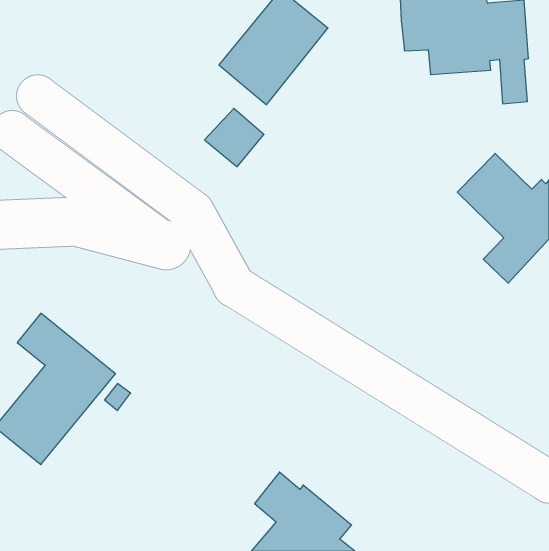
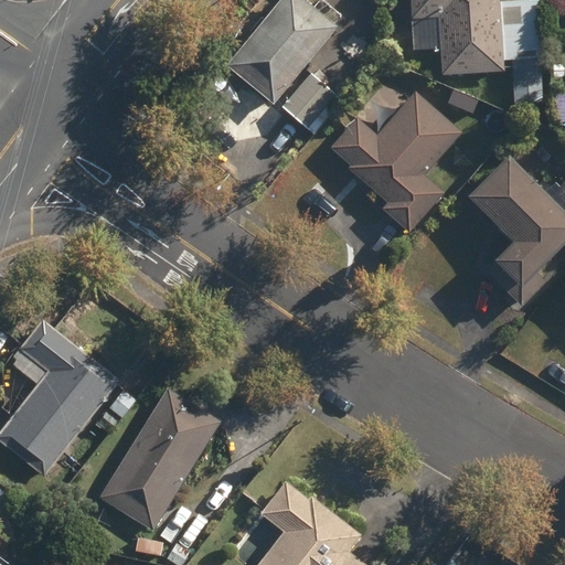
building: none -> [330,92,461,234]
building: [205,108,264,167] -> [280,75,341,135]
building: none -> [99,388,220,530]

